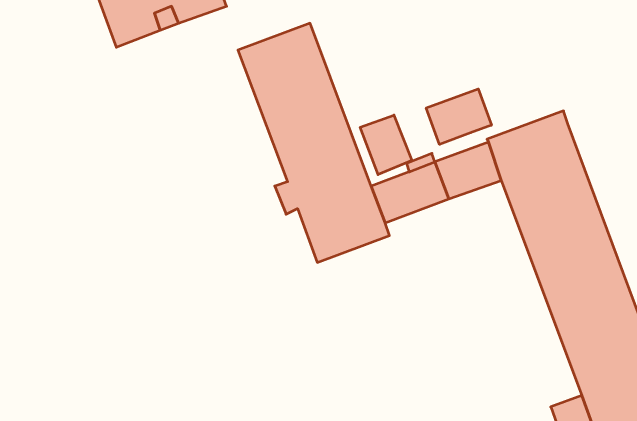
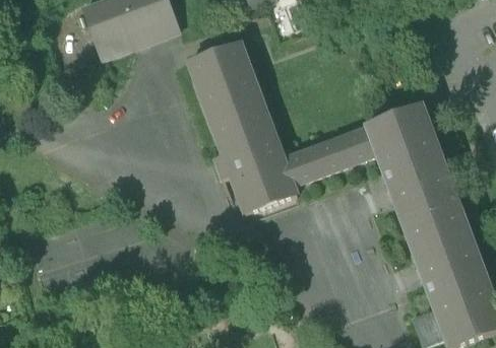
building: [426,89,491,144] -> none
building: [360,115,412,175] -> none

